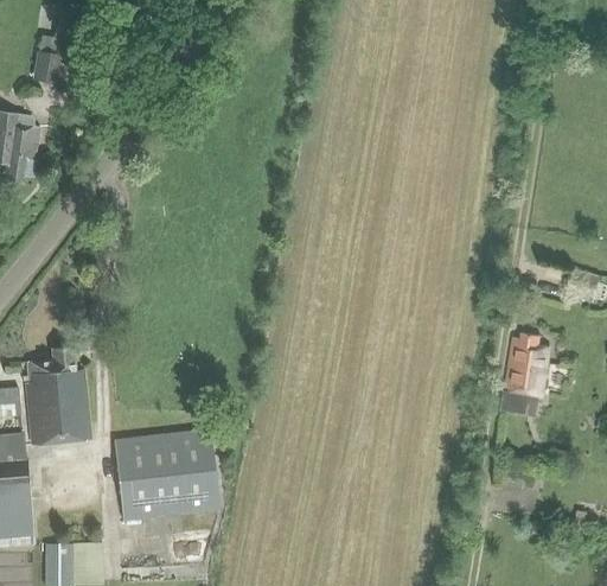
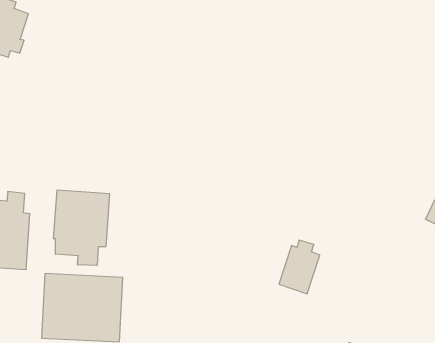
building: none -> [53,190,109,265]
building: [504,335,548,399] -> [279,240,320,294]

